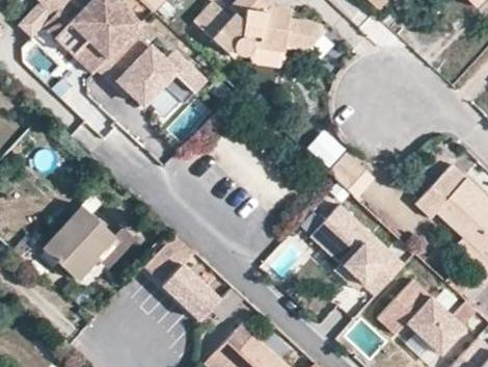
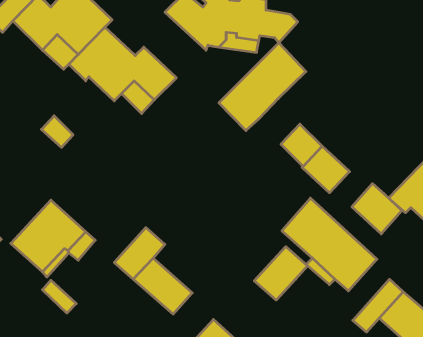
building: none -> [219,43,306,131]
building: none -> [352,184,402,234]
building: none -> [254,247,308,300]

